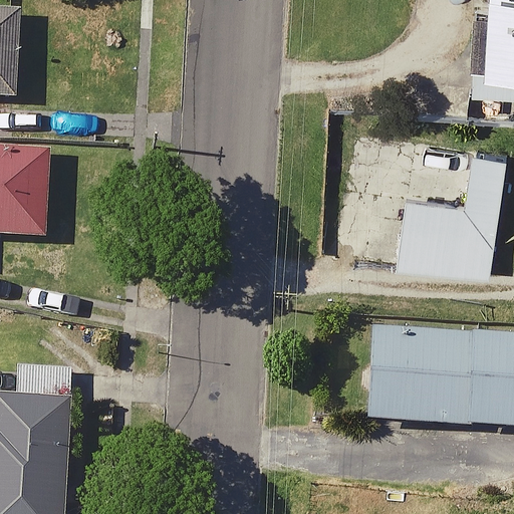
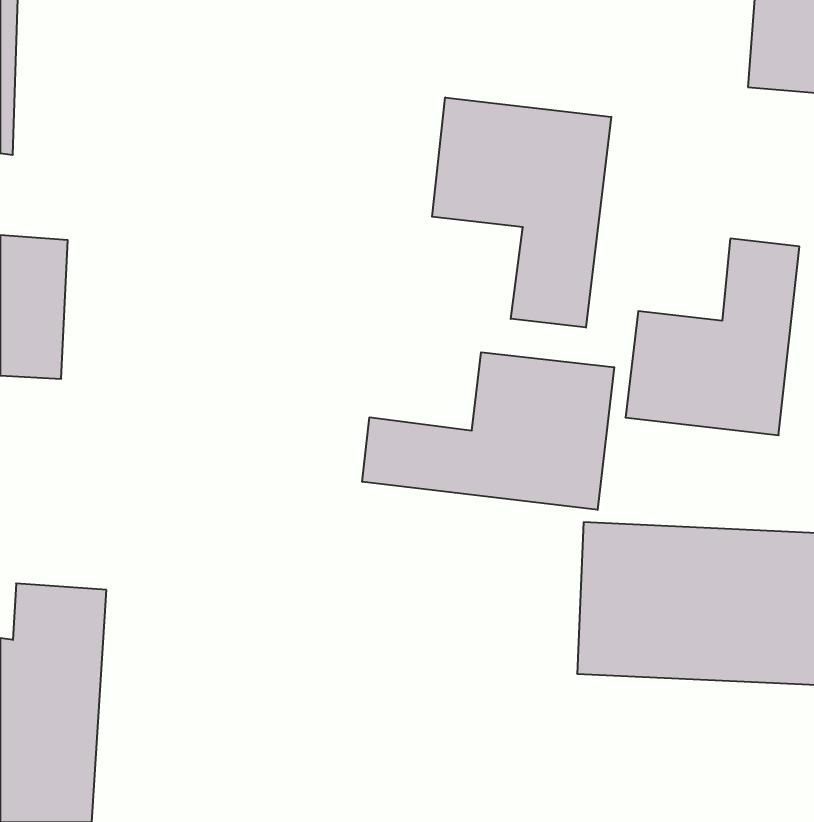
building: none -> [432,97,611,328]
building: none -> [362,352,614,510]

